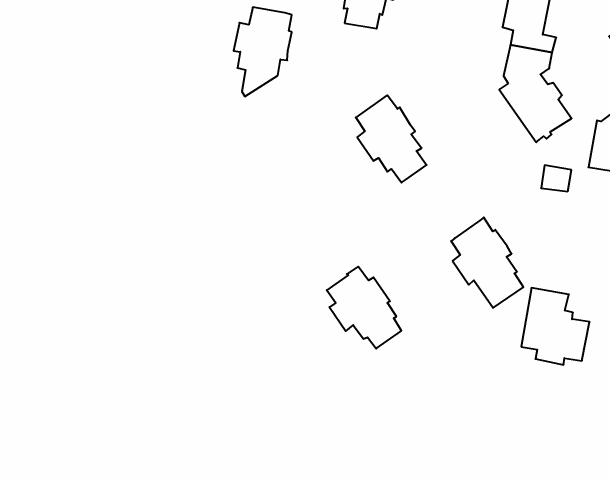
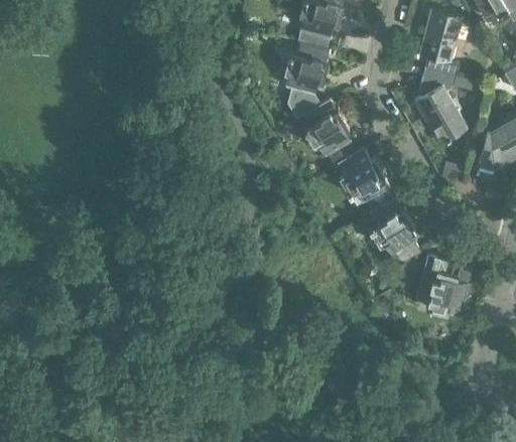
building: [234,7,292,96] -> [283,41,330,109]
building: [327,267,401,349] -> [338,148,392,211]

